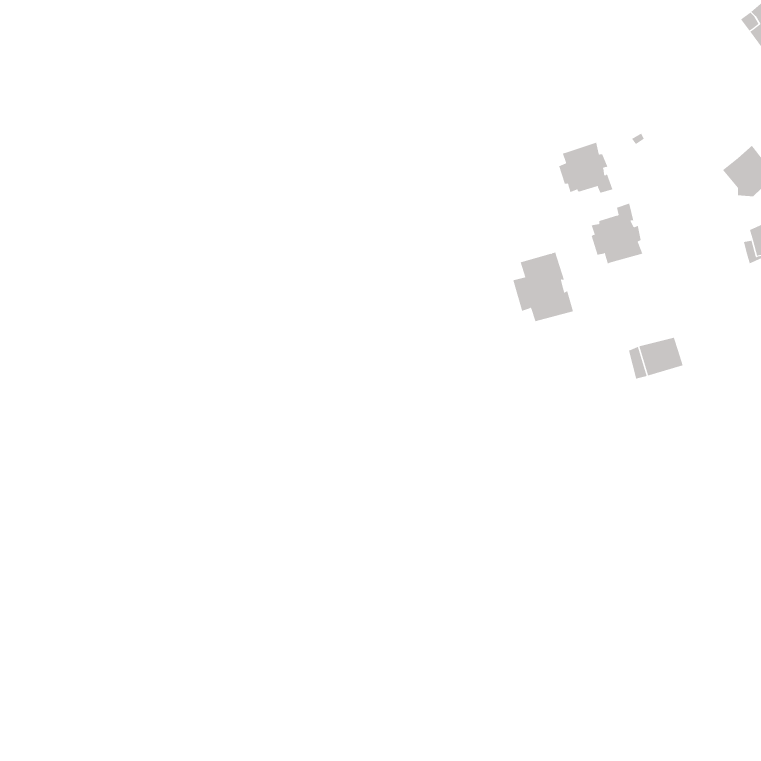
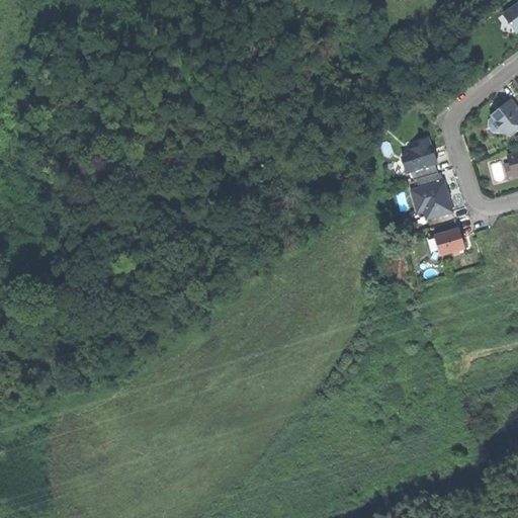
building: [559,142,613,194] -> none
building: [513,252,574,322] -> [411,171,452,219]

